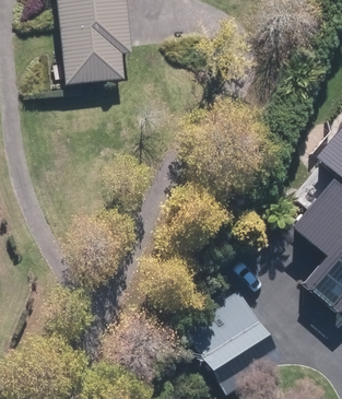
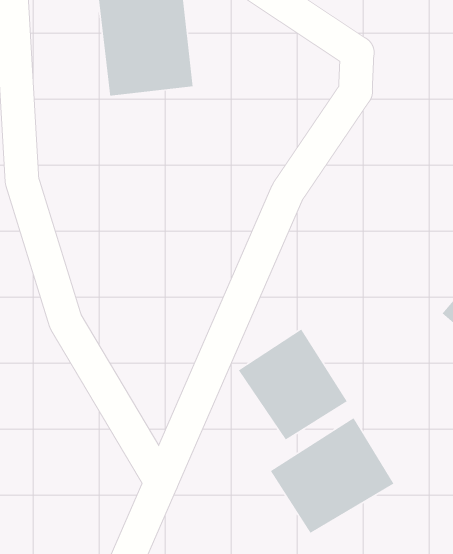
building: none -> [238,328,348,441]

